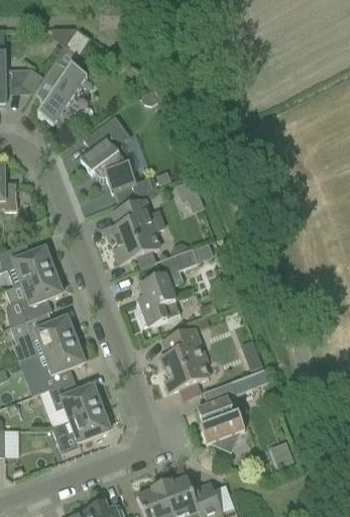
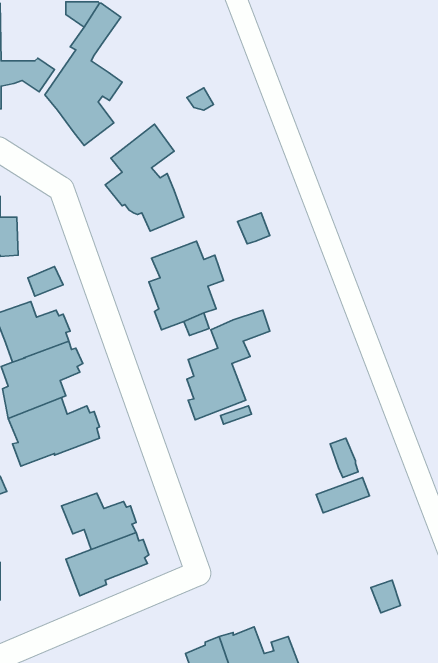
building: [160,327,209,392] -> none
building: [24,340,86,391] -> none
building: [197,397,245,448] -> none

